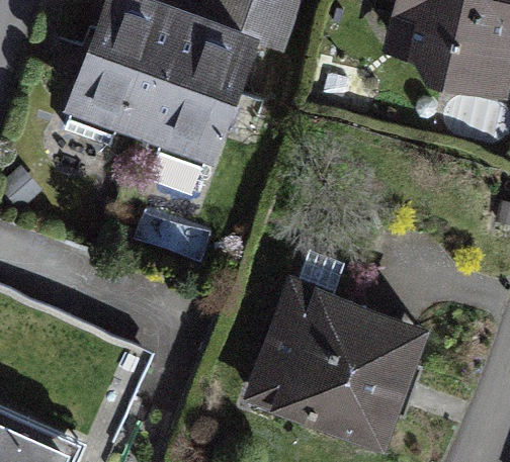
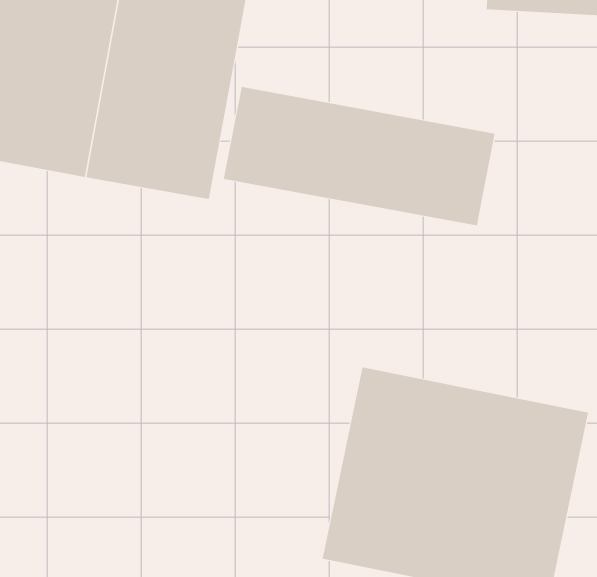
building: none -> [223,86,495,226]

